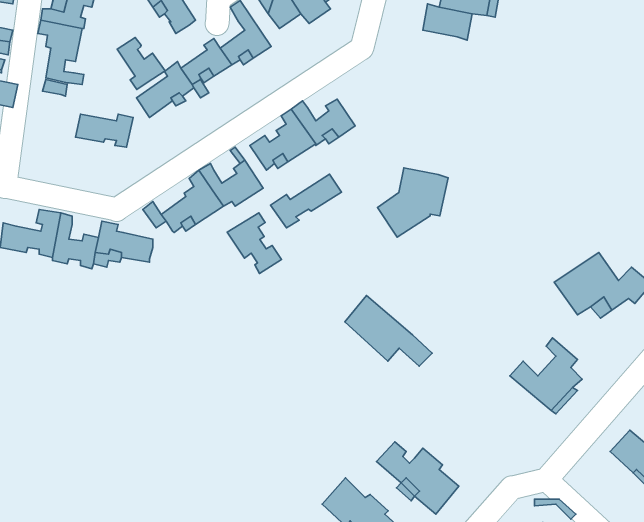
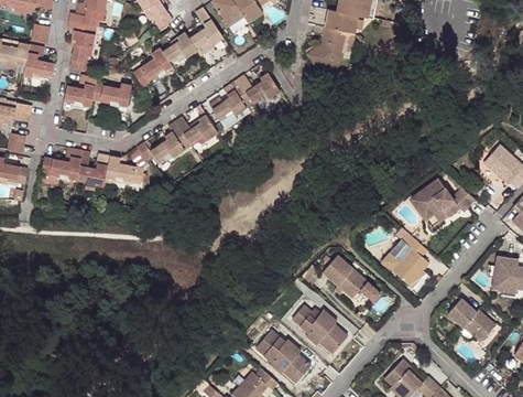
building: [117,37,165,90] -> none
building: none -> [63,75,96,107]
building: [377,168,448,237] -> [306,28,353,74]
building: [271,174,342,228] -> none
building: [227,213,281,274] -> none
building: [345,295,432,366] -> [324,253,382,300]

